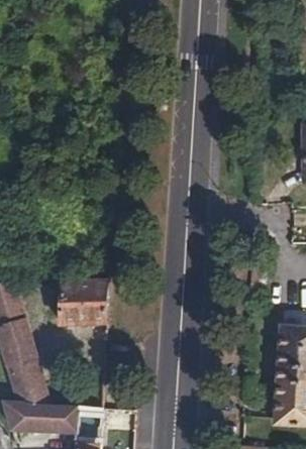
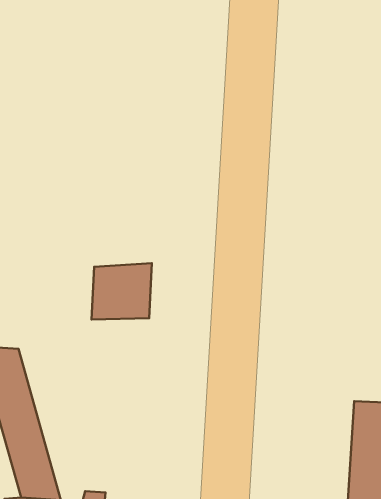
building: [60,280,107,325] -> [91,263,152,319]

